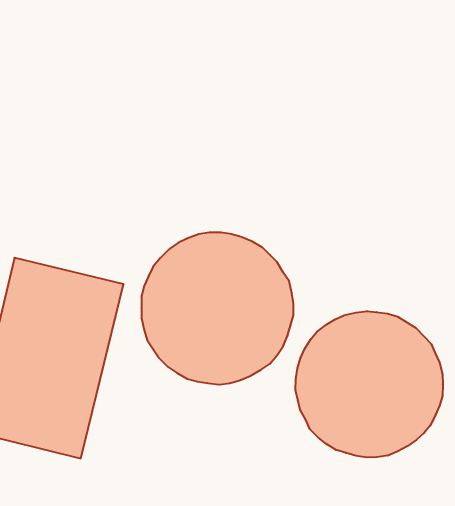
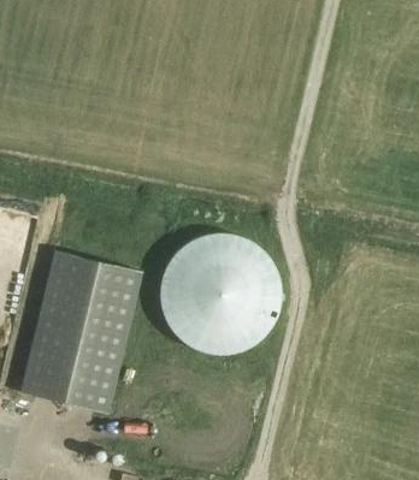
building: [296,311,443,457] -> none

